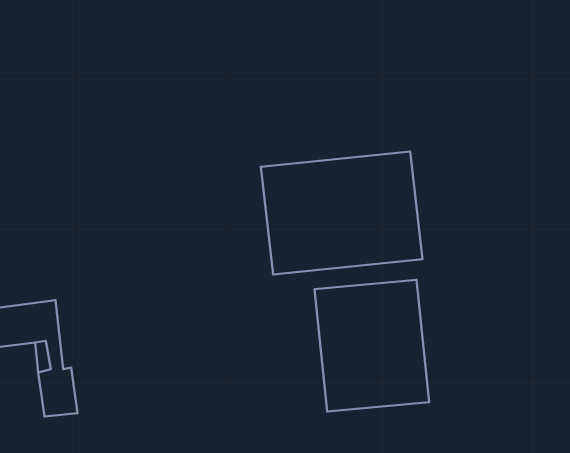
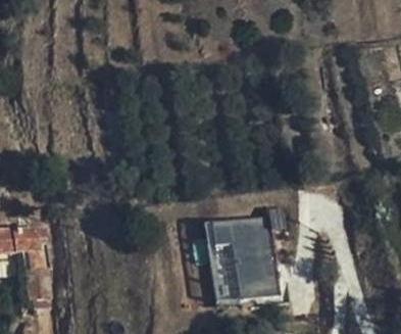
building: [261,152,423,274] -> none

